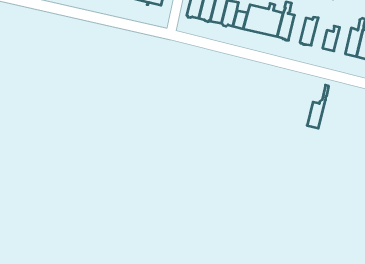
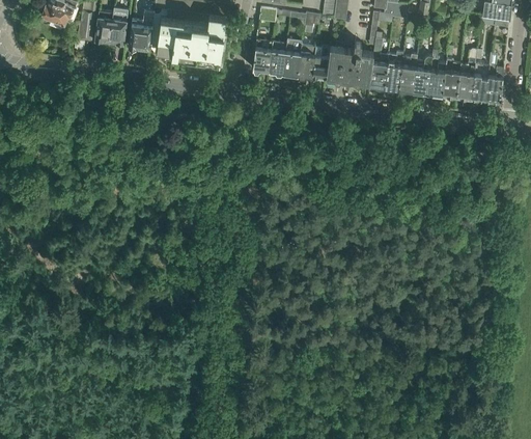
building: none -> [383,54,402,89]
building: none -> [441,61,459,98]
building: [307,85,329,128] -> [412,38,434,93]

